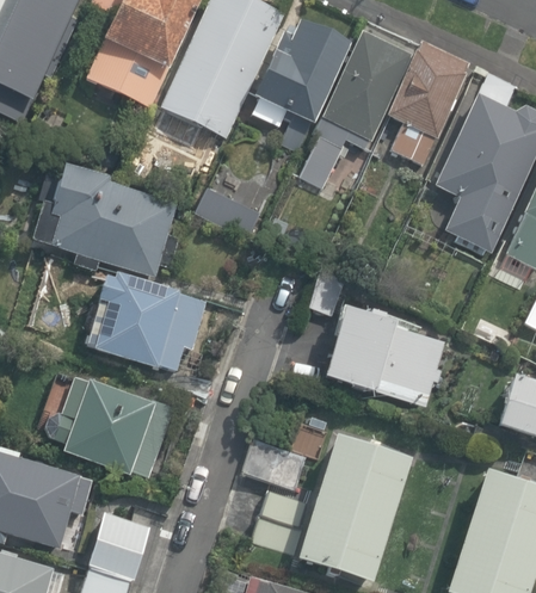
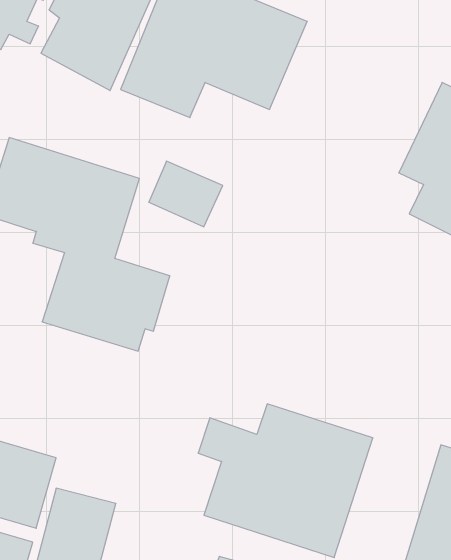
building: [294,30,405,194] -> none
building: [384,37,472,166] -> none
building: [303,289,450,410] -> none
building: [51,370,156,474] -> none

